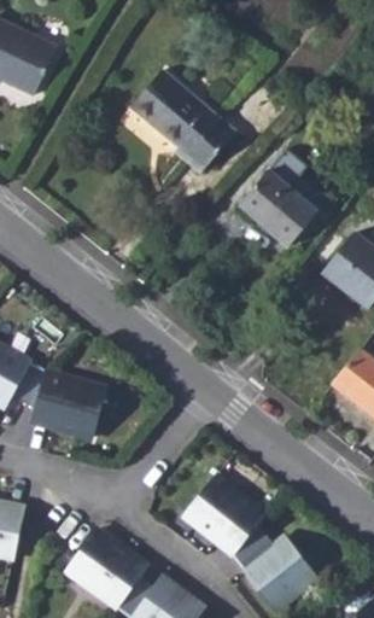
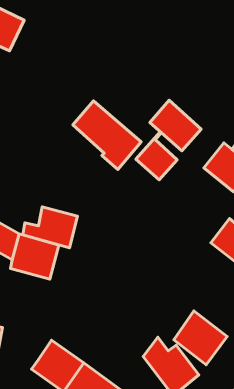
building: [135,72,238,175] -> [73,101,141,169]
building: none -> [136,132,177,180]
building: none -> [23,207,78,248]
building: [183,472,263,553] -> [174,311,227,365]

